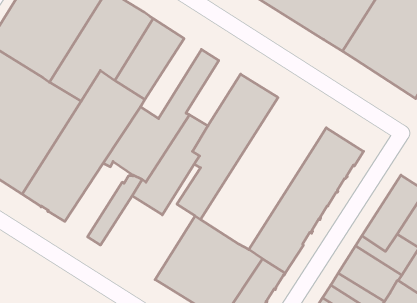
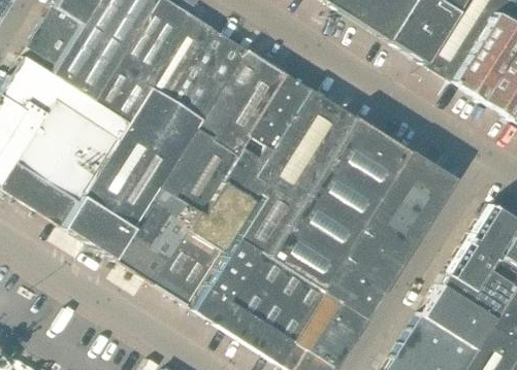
building: none -> [199,49,268,140]
building: none -> [251,74,313,148]
building: none -> [267,116,410,289]
building: none -> [114,189,191,274]
building: none -> [154,228,224,305]
building: none -> [195,237,261,323]

